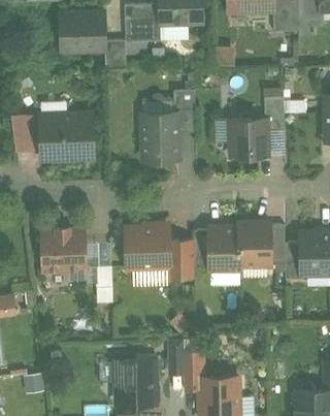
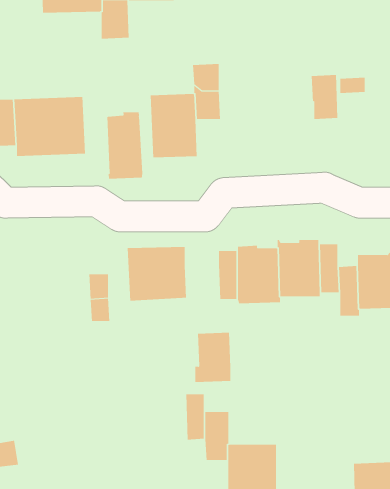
building: [230,118,266,157] -> none
building: none -> [107,112,143,180]
building: [40,228,85,274] -> none
building: [166,241,194,279] -> [194,332,231,383]
building: [116,360,155,404] -> none

